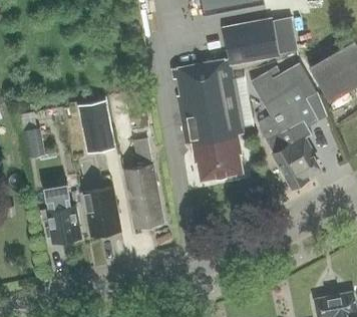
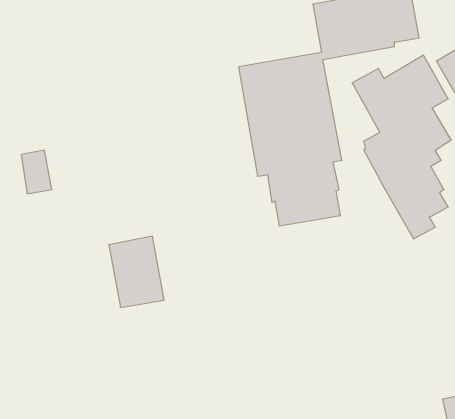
building: [79,100,114,153] -> none
building: [123,138,164,229] -> none
building: [44,183,82,246] -> none

